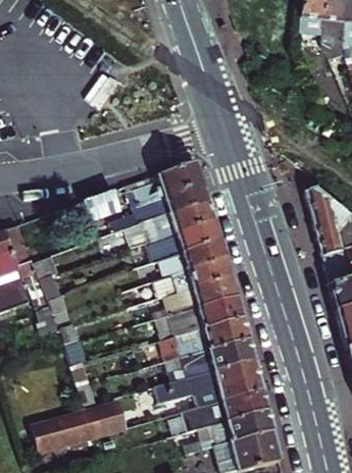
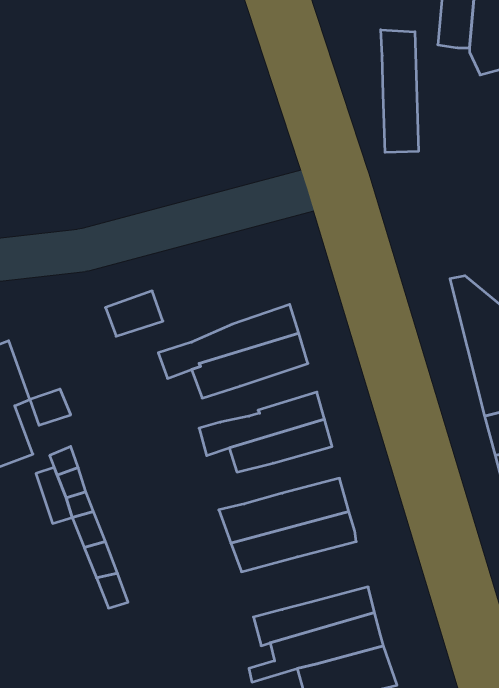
building: none -> [381,30,418,152]
building: [102,168,205,243] -> none
building: [171,246,223,281] -> none
building: [169,302,239,340] -> none
building: [154,366,258,412] -> none
building: [30,406,128,457] -> none

